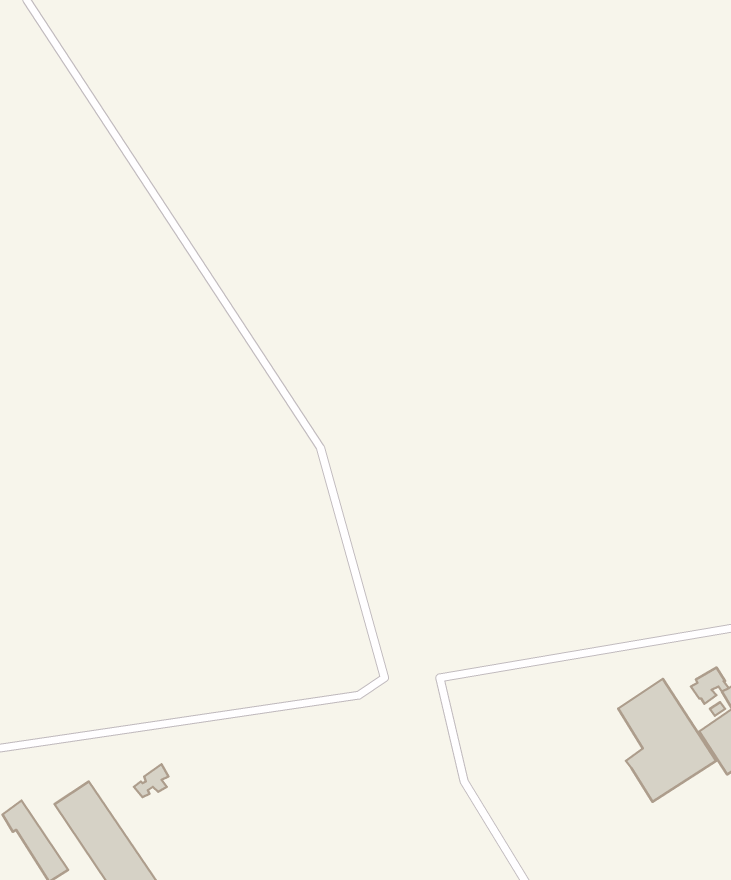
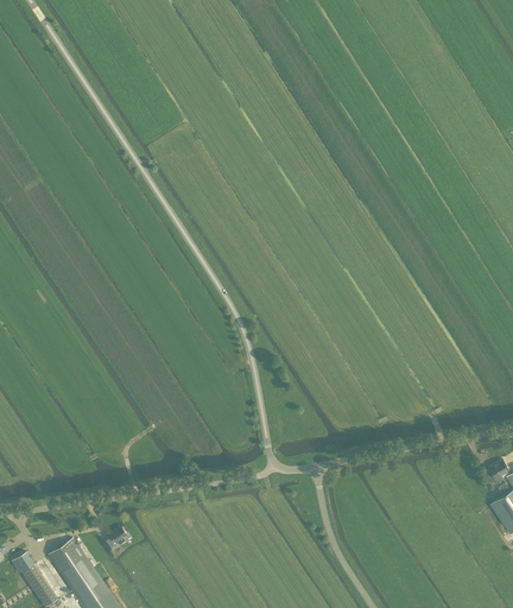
building: [618,679,716,802] -> none

